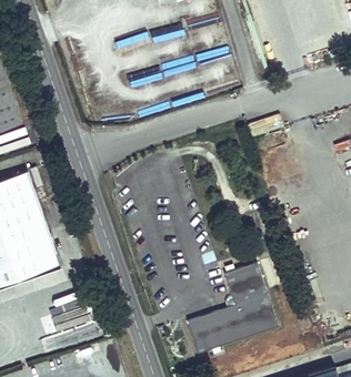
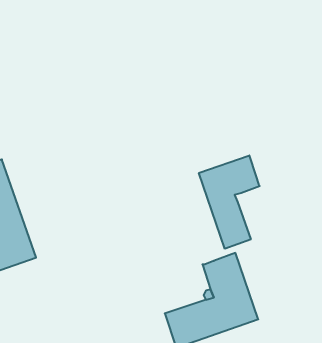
building: none -> [199,155,260,249]

